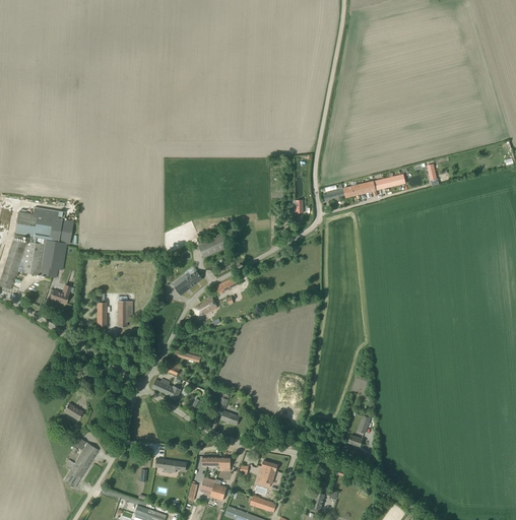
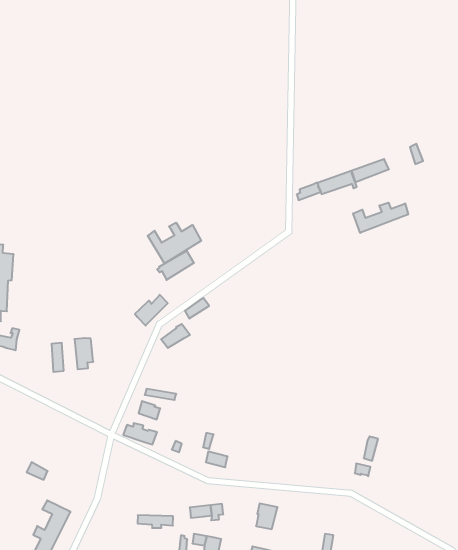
building: none -> [148,223,201,264]
building: none -> [353,203,408,233]

